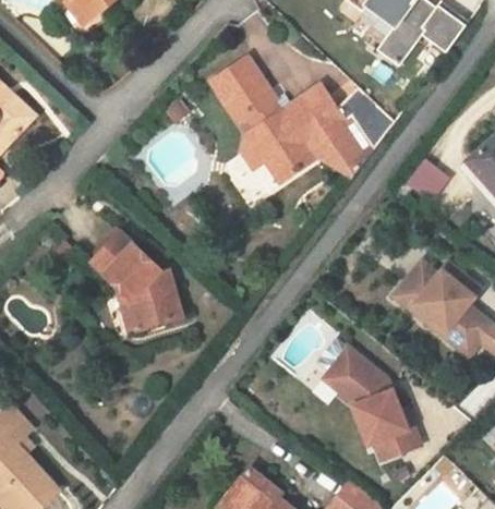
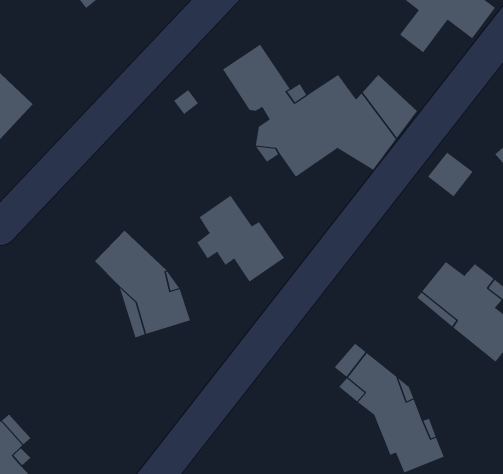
building: none -> [197,195,285,282]

